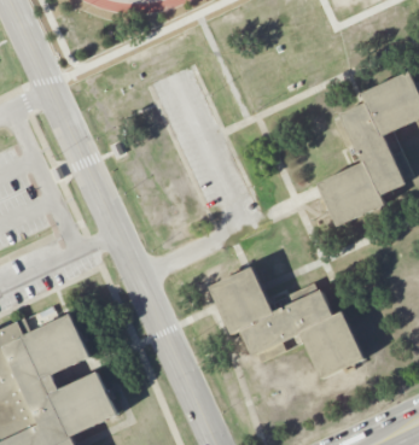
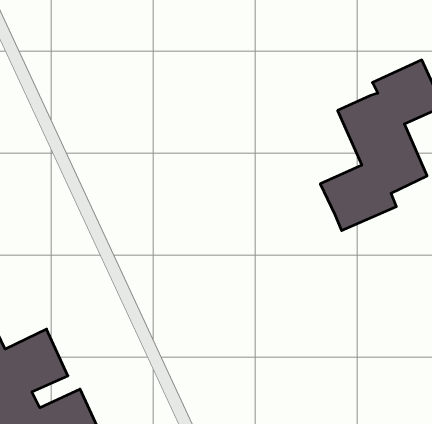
building: [206,265,365,379] -> none

